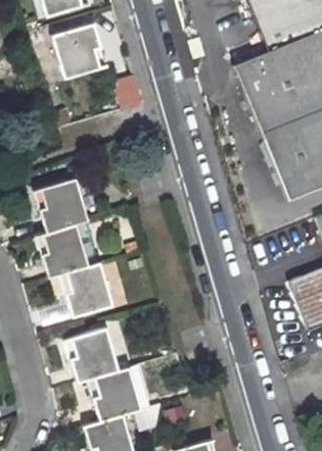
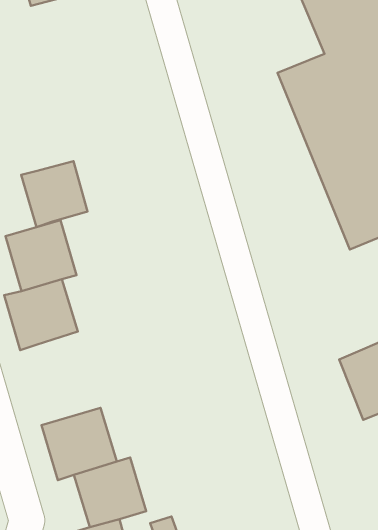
building: [56,23,112,79] -> none
building: none -> [21,161,88,227]
building: [54,260,109,316] -> none

